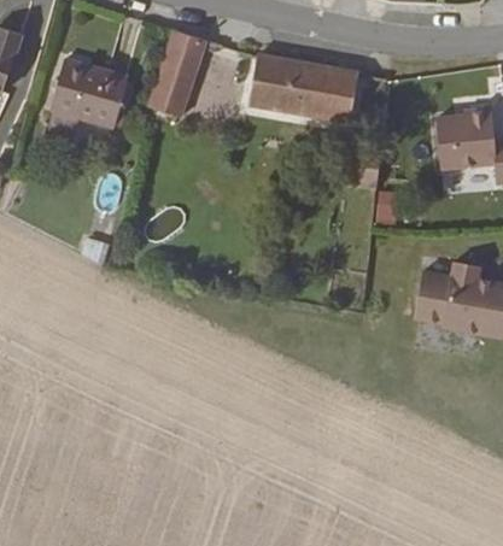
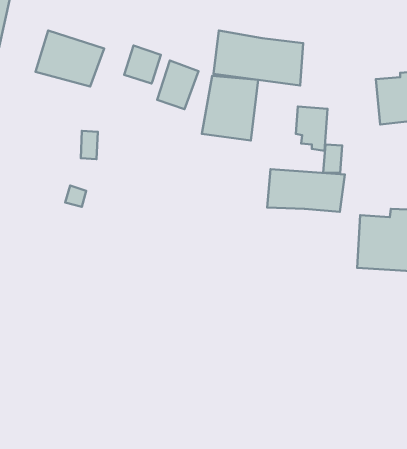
building: [159,31,206,87] -> [157,61,198,109]
building: none -> [202,76,258,141]
building: none -> [267,169,345,212]

